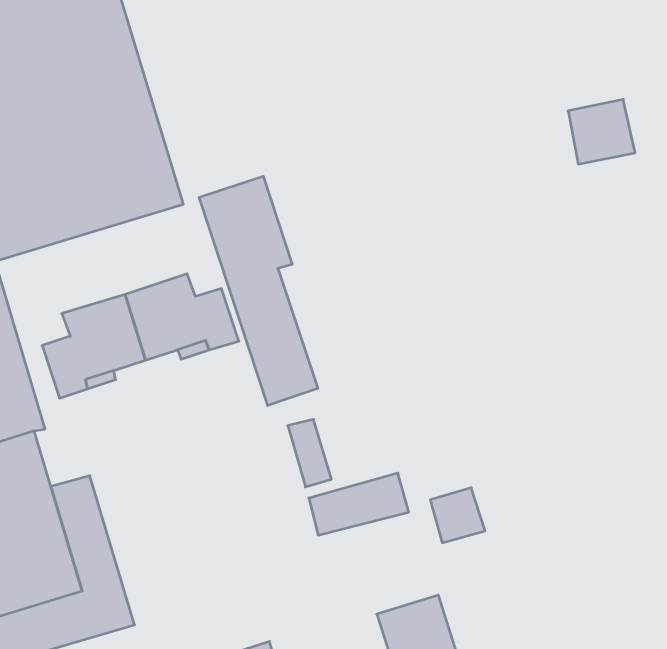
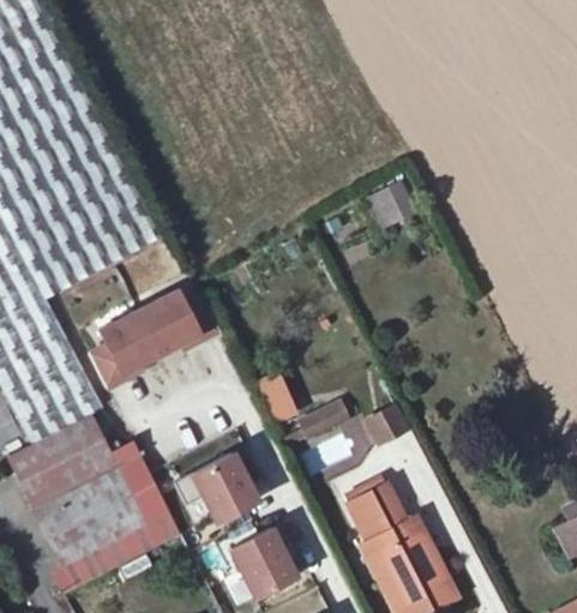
building: [568,99,635,164] -> [368,179,419,228]
building: [199,176,318,406] -> none
building: none -> [194,453,259,523]

